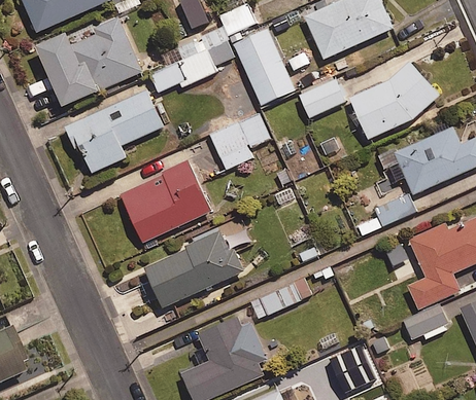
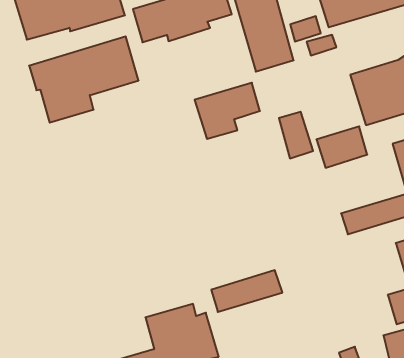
building: [302,78,348,118] -> [316,126,367,168]
building: [118,160,210,243] -> none
building: [143,229,243,306] -> none

